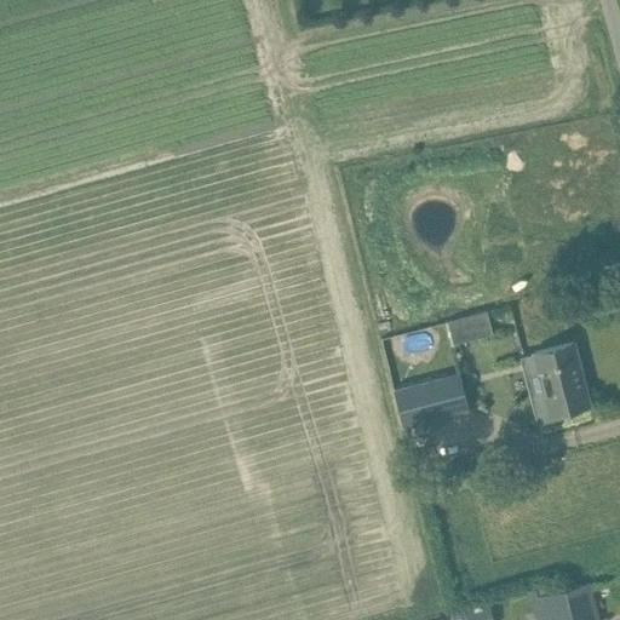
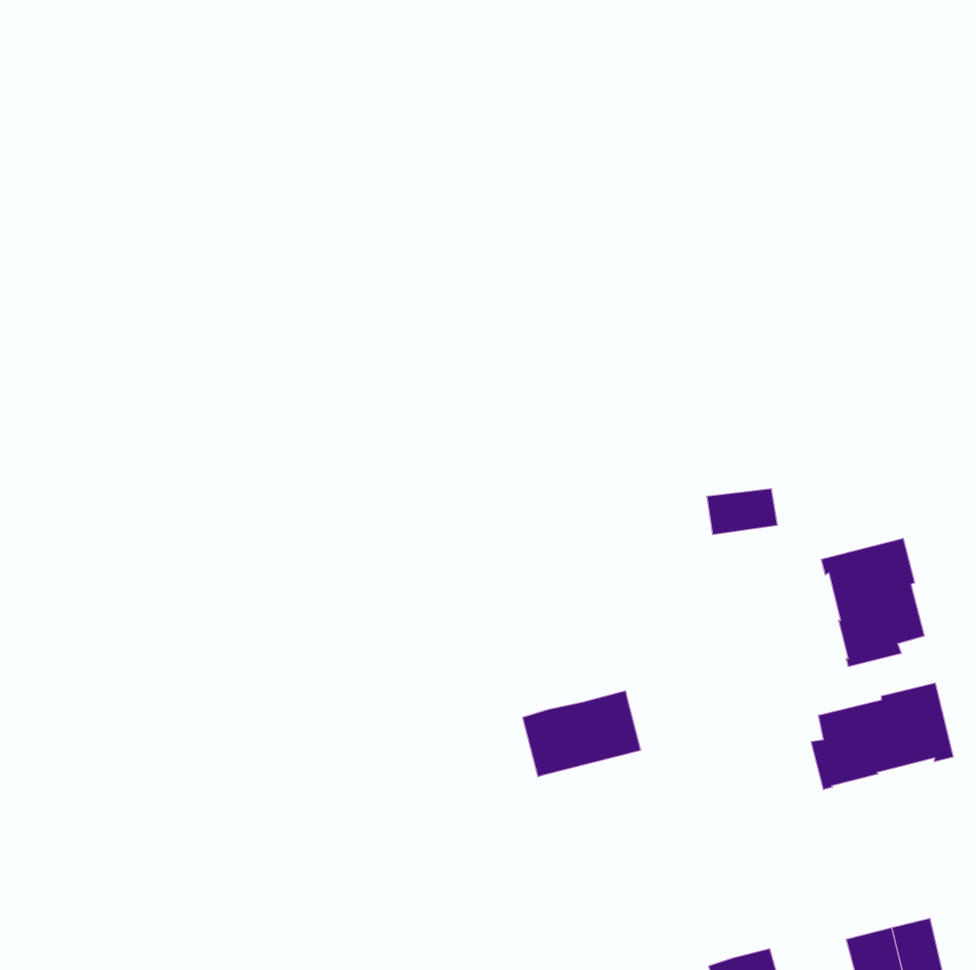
building: [394,375,469,430] -> [523,691,641,777]
building: none -> [811,683,953,790]

